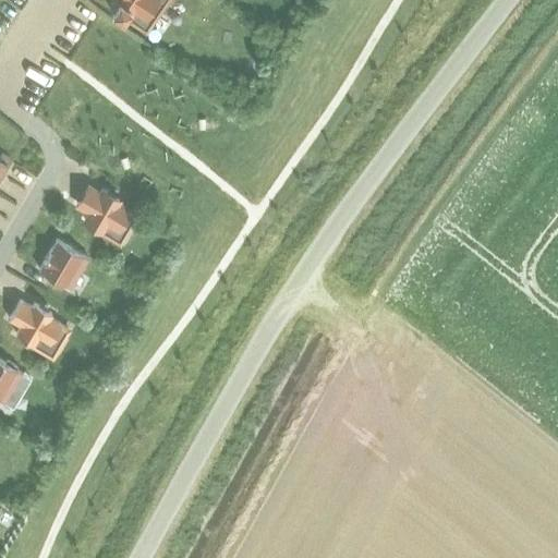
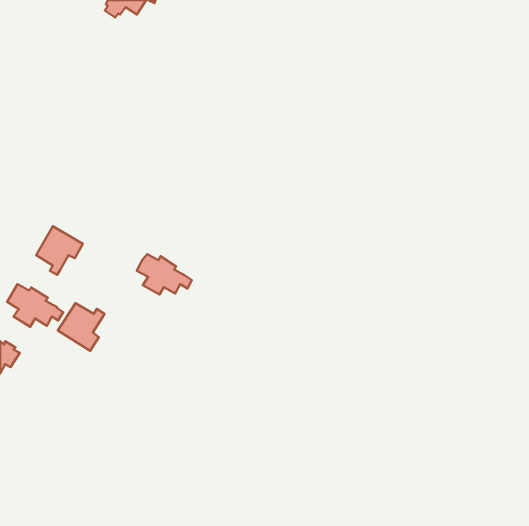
building: [77,191,135,233] -> [137,254,192,295]
building: none -> [58,303,105,351]

